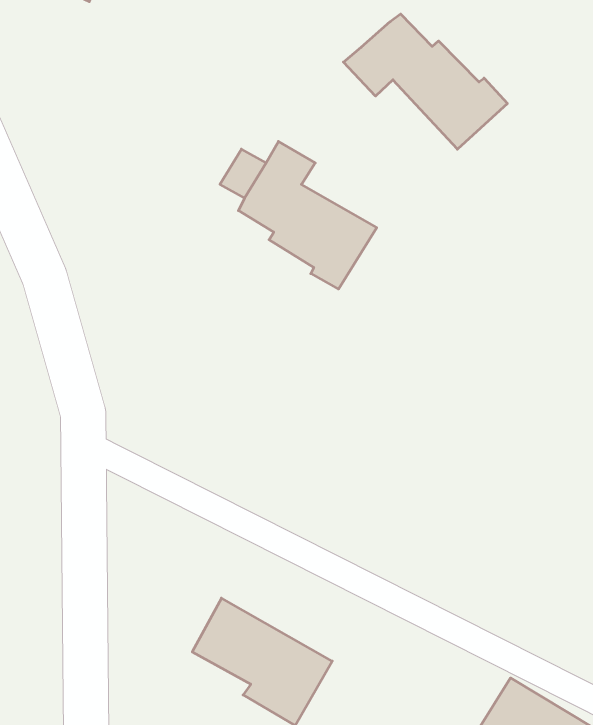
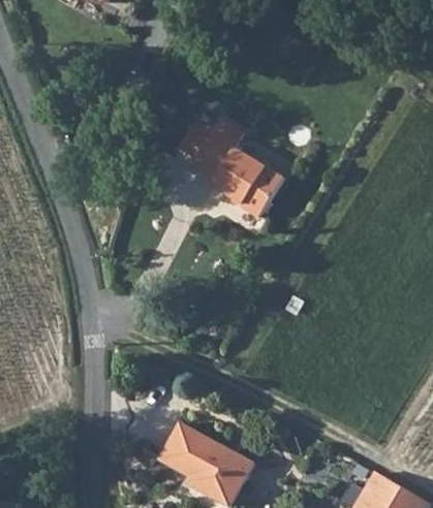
building: [343,14,507,149] -> none

